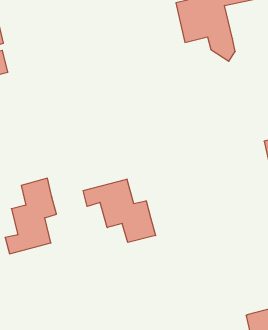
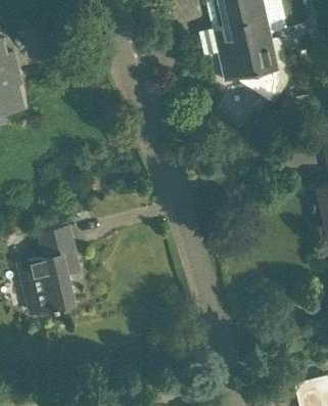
building: [83,179,156,242] -> none

